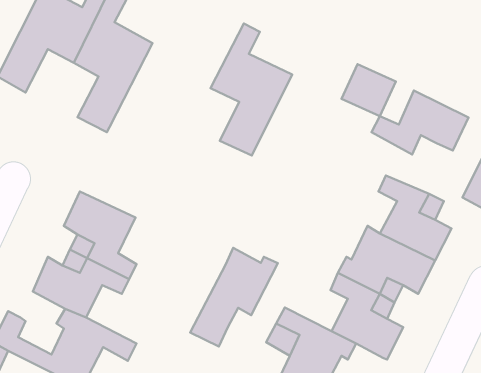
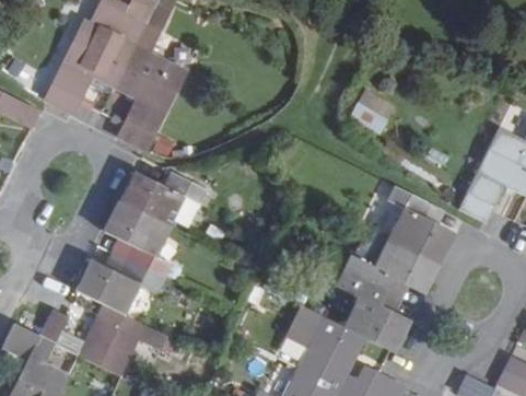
building: [211,24,292,155] -> none
building: [372,91,469,155] -> none
building: none -> [119,175,207,225]
building: [190,248,278,347] -> none

